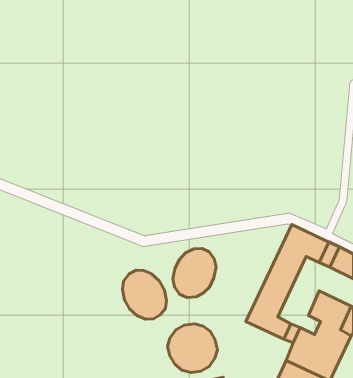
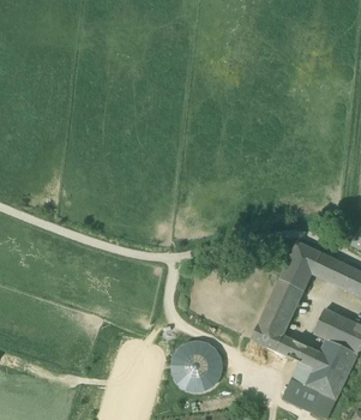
building: [173,248,216,297] -> none
building: [123,270,166,319] -> none

